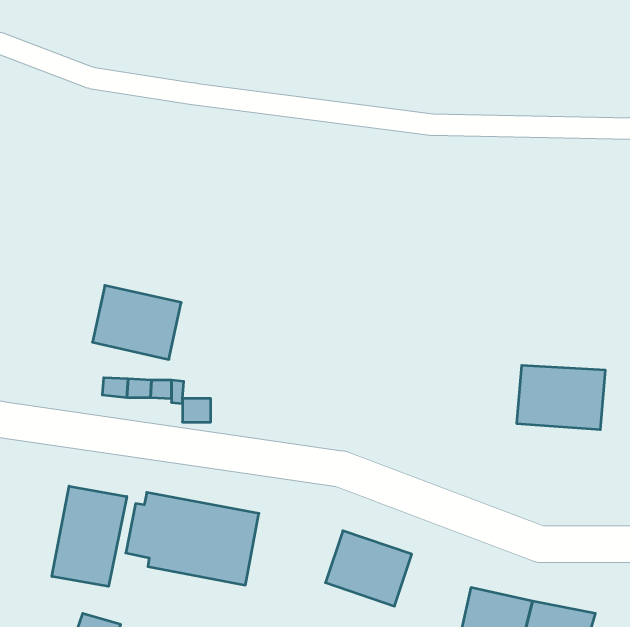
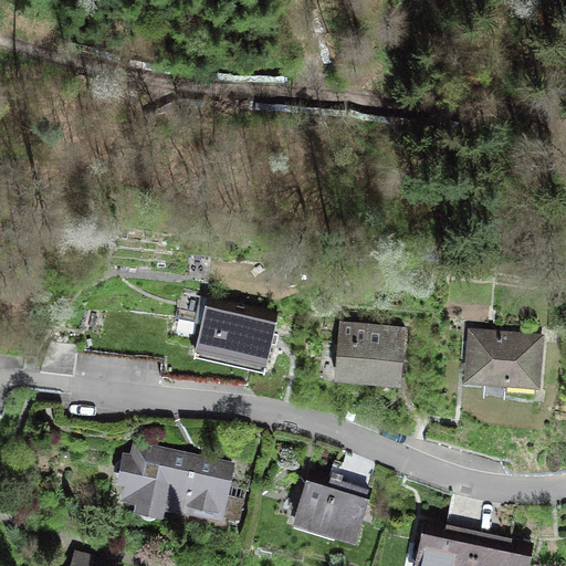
building: [92,285,181,359] -> [193,304,273,370]
building: none -> [335,324,405,386]
building: [52,486,127,586] -> none

